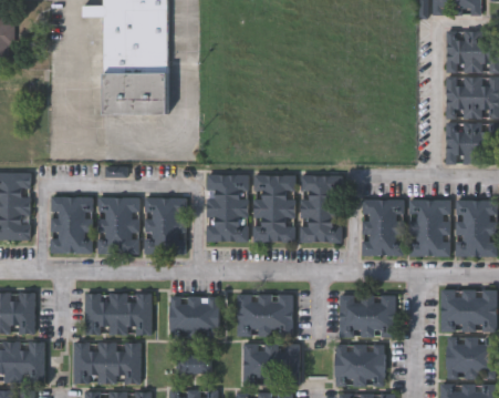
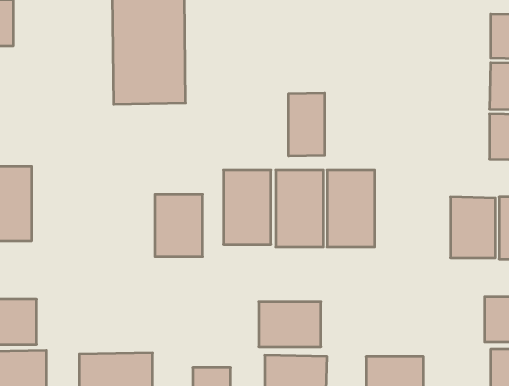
building: none -> [289,93,325,156]
building: [49,196,92,252] -> none
building: [98,196,139,252] -> none
building: [361,198,404,254] -> none
building: [83,292,150,334] -> none
building: [340,294,397,336] -> none
building: [169,296,219,336] -> none

